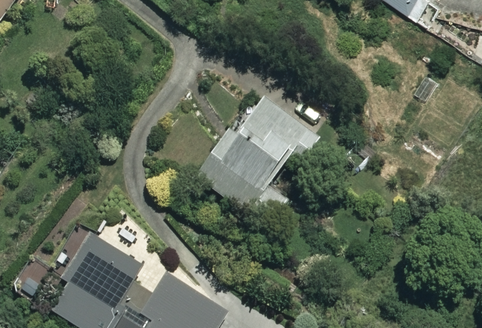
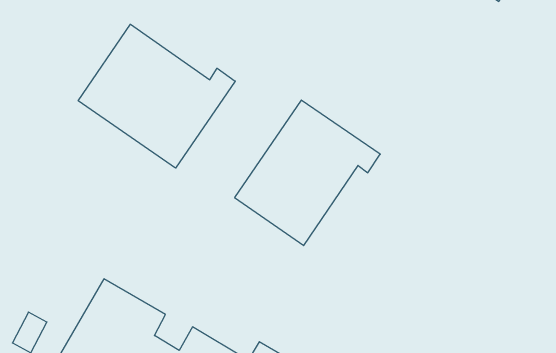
building: none -> [78,24,235,168]

